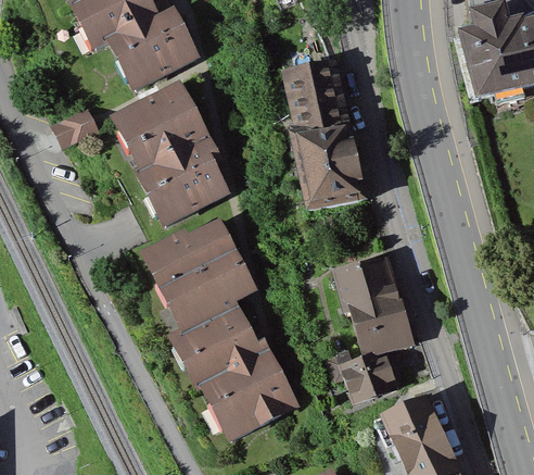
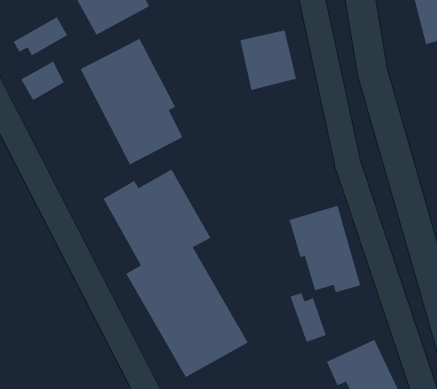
building: none -> [12,16,68,56]
building: [289,126,364,221] -> none
building: [361,342,397,395] -> none

